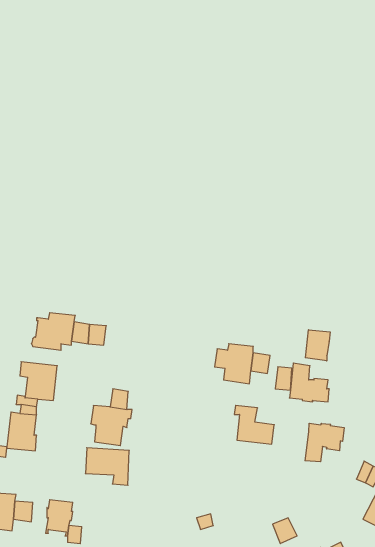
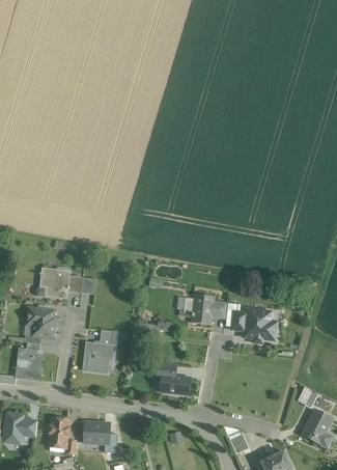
building: [305,330,330,361] -> none
building: [234,405,274,444] -> [158,362,190,393]
building: [305,423,344,462] -> none
building: [85,448,129,485] -> [83,421,118,451]

